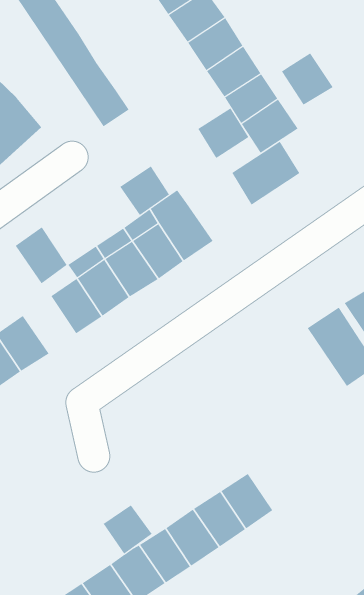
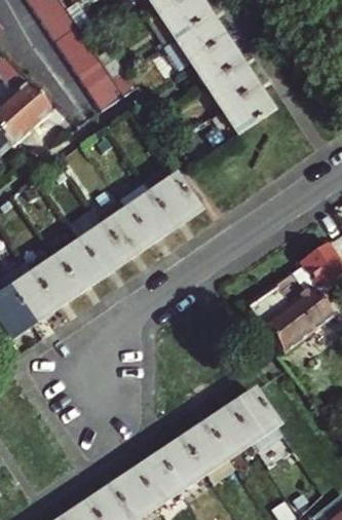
building: [281,52,334,105] -> none
building: [198,107,249,159] -> none
building: [231,141,300,205] -> none
building: [120,165,170,216] -> none
building: [15,227,67,284] -> [35,255,80,304]
building: none -> [249,283,312,352]
building: none -> [228,391,274,439]
building: [103,505,153,554] -> none

